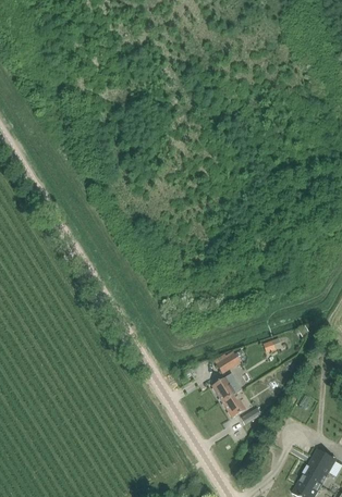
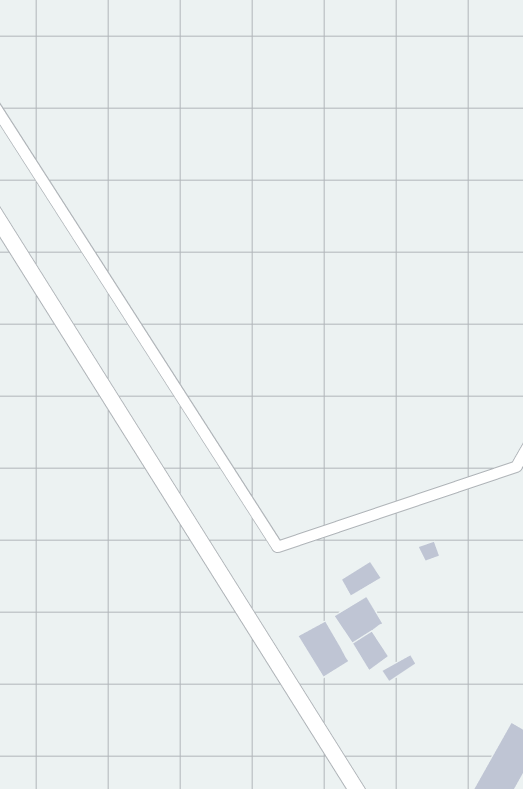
building: none -> [298,621,349,678]

